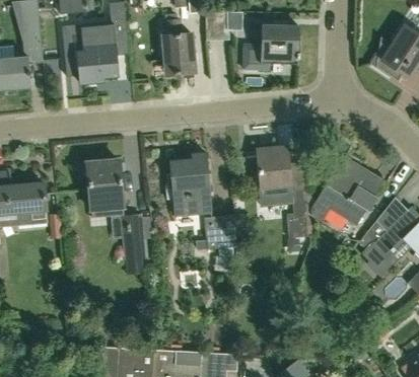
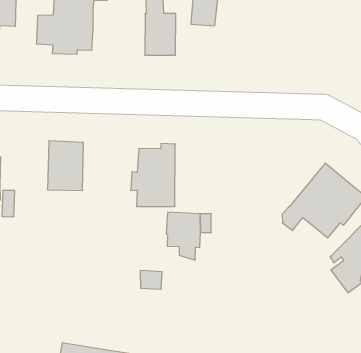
building: [242,20,299,70] -> none
building: [256,145,311,237] -> none
building: [122,216,150,259] -> none

